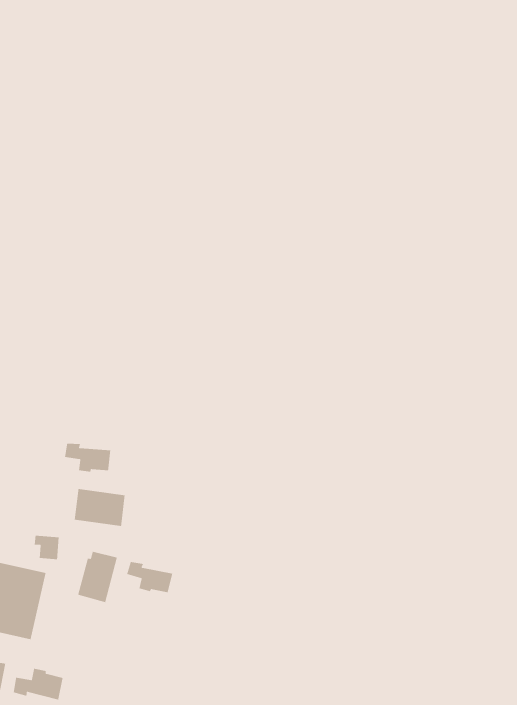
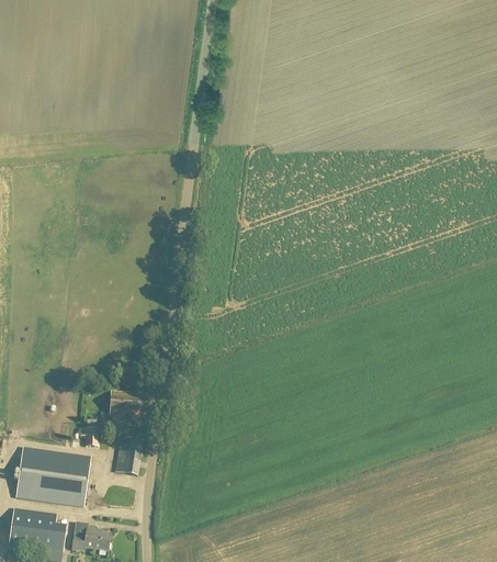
building: [64,443,111,472] -> none
building: [126,561,173,593] -> none

